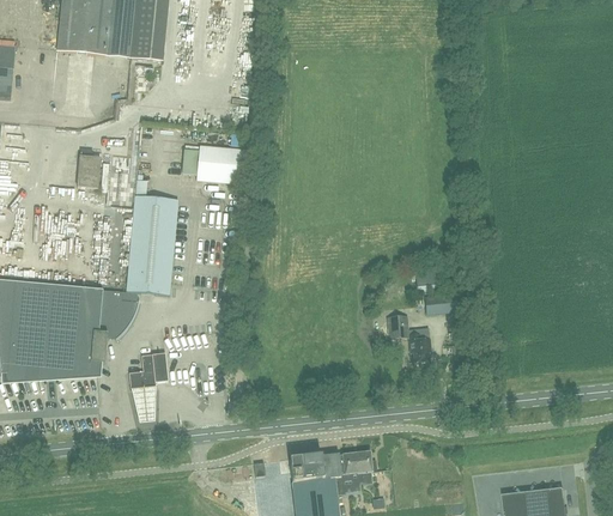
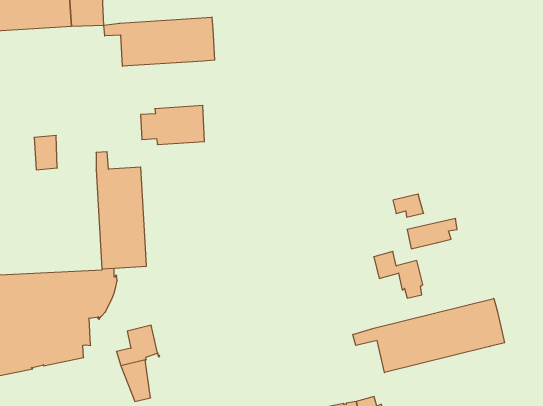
building: none -> [104,17,215,66]
building: none -> [353,298,505,373]

